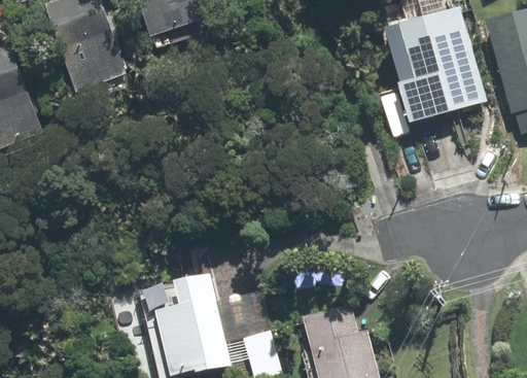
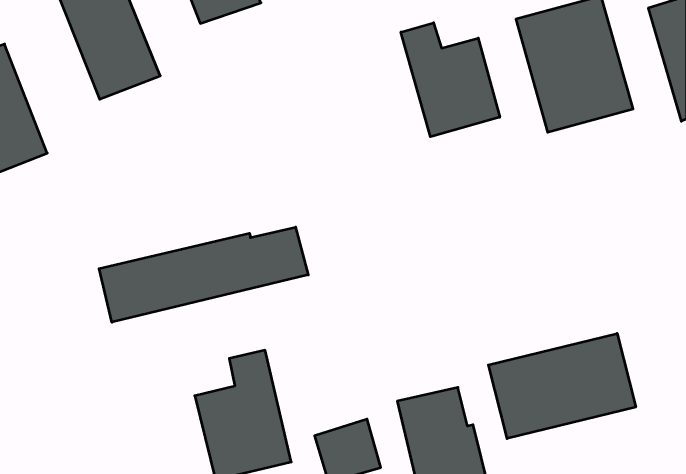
building: none -> [401,23,500,137]
building: none -> [99,227,308,322]
building: none -> [488,333,636,439]

